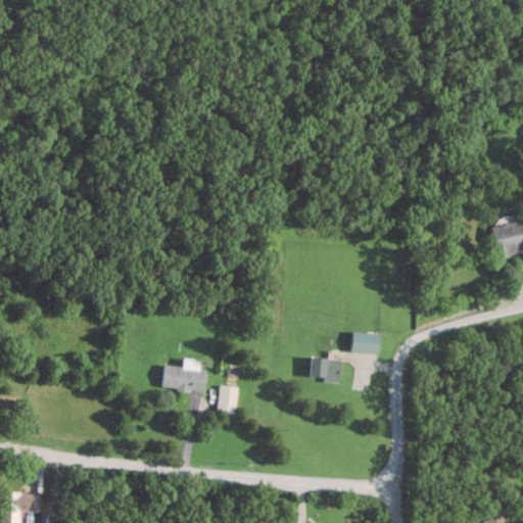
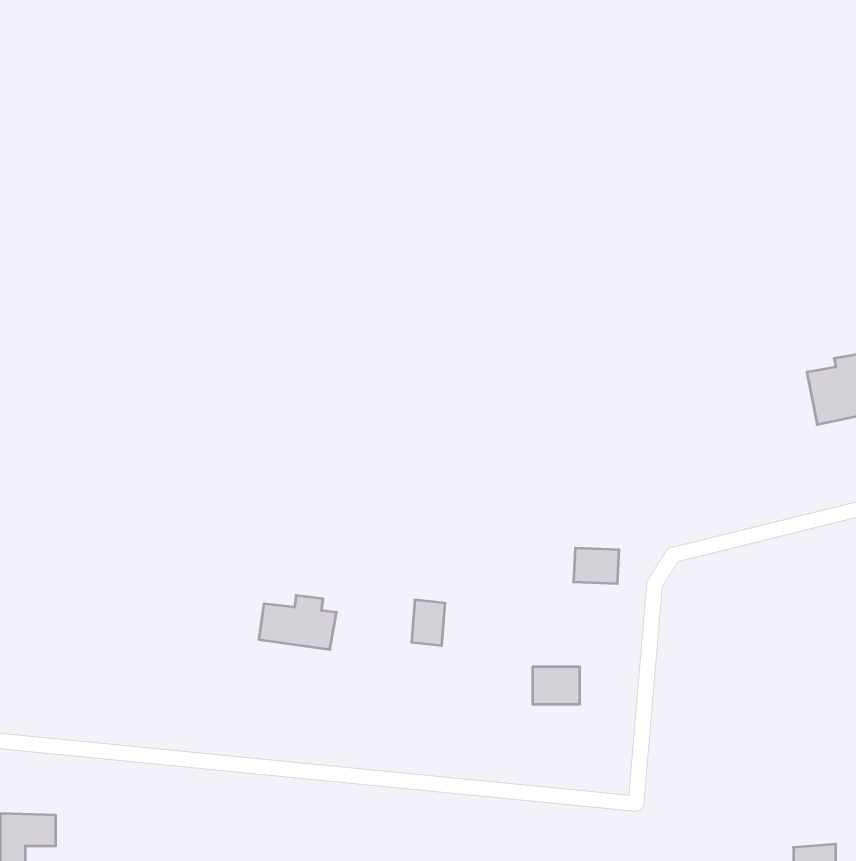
building: [311,360,339,382] -> [533,667,580,704]
building: [219,387,239,415] -> [411,600,445,646]

